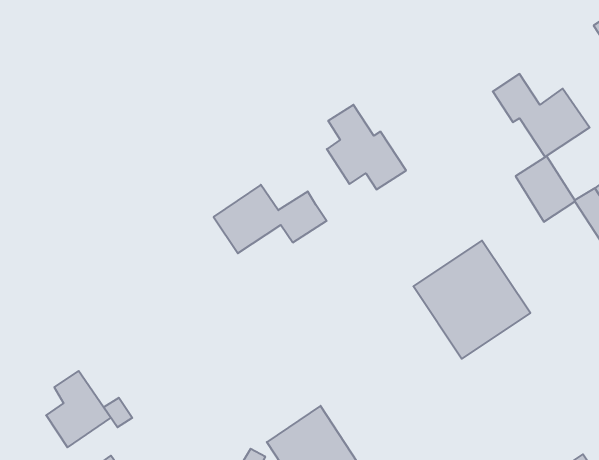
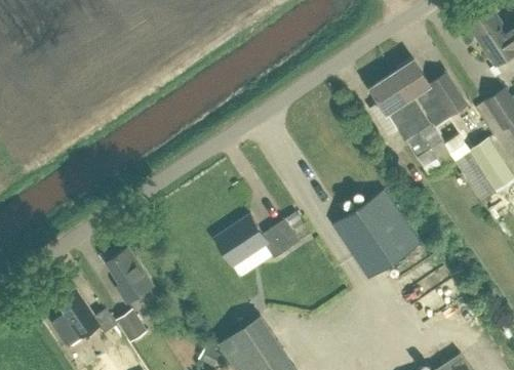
building: [327,105,406,189] -> [371,76,432,140]
building: [214,185,327,253] -> [214,214,301,266]
building: none -> [107,248,153,302]
building: none -> [117,307,148,340]

